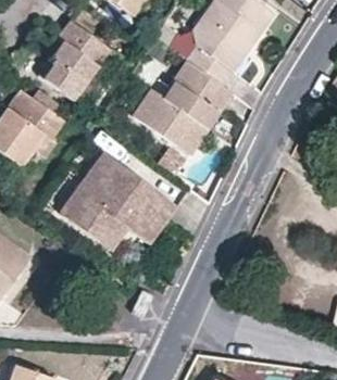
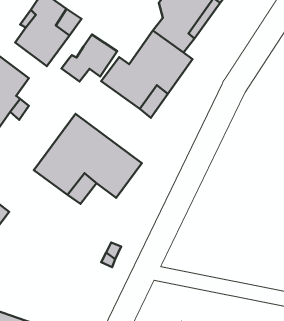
building: none -> [61,34,117,82]

